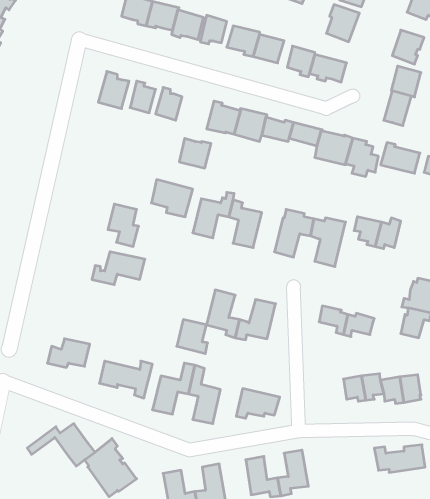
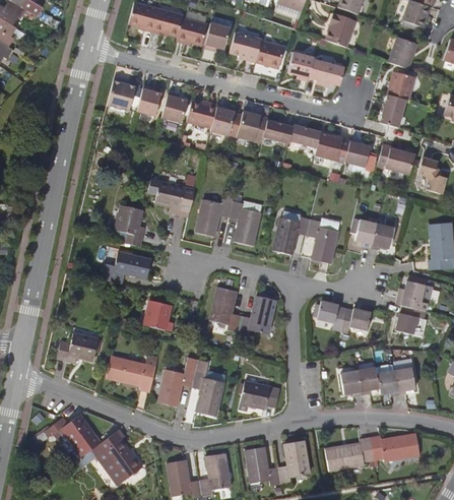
building: [179,138,211,168] -> [186,100,216,128]
building: [177,320,208,354] -> [142,297,172,329]
building: none -> [326,437,374,470]

